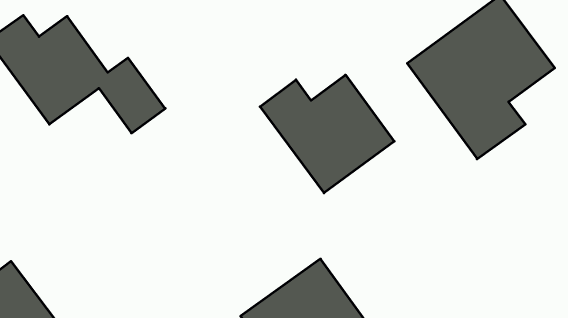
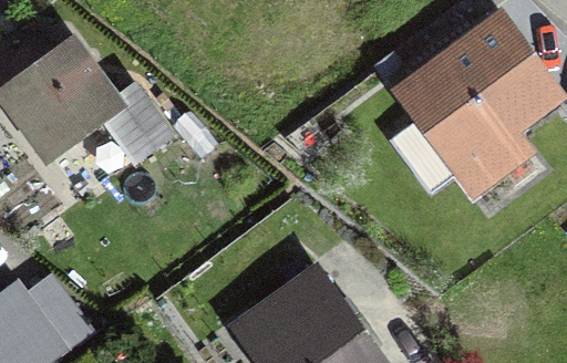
building: [260,75,394,193] -> none

